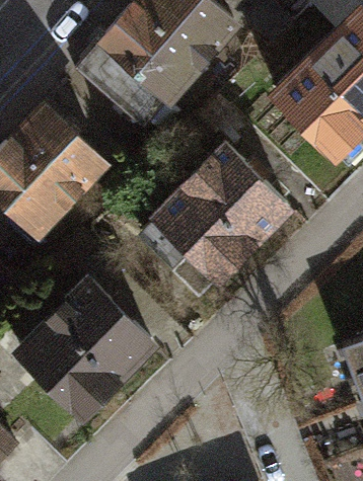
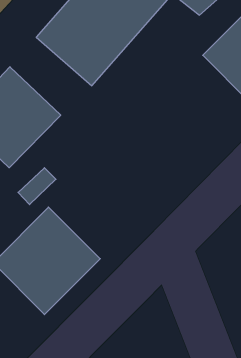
building: [159,145,289,274] -> none

